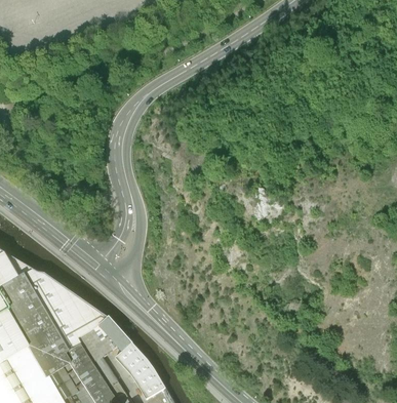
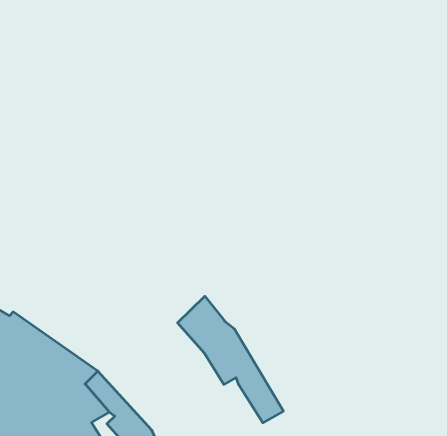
building: none -> [178,296,283,423]

